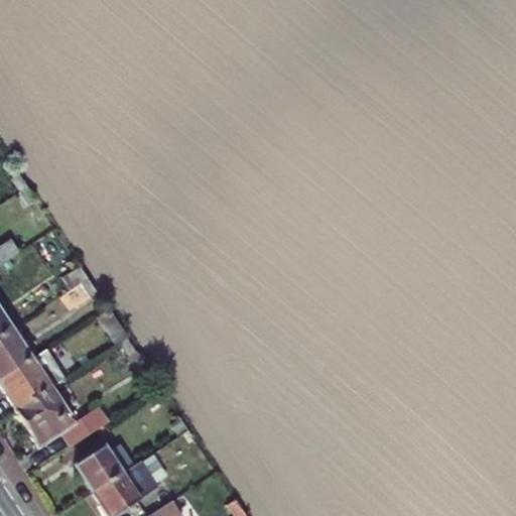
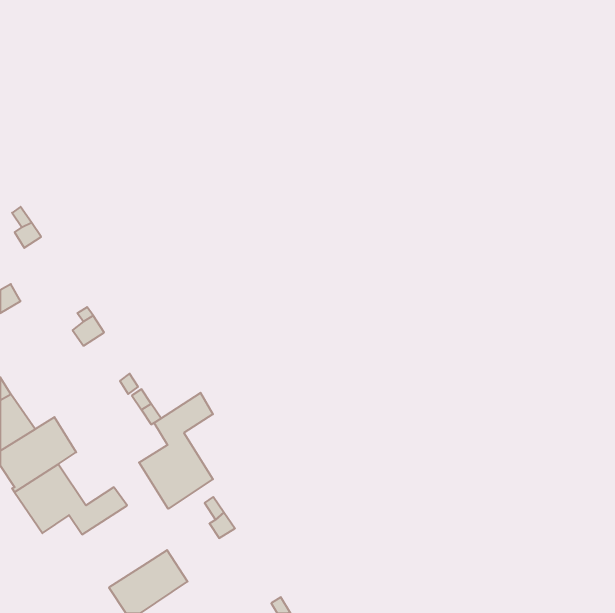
building: none -> [139,393,213,509]
building: [76,443,122,490] -> none

